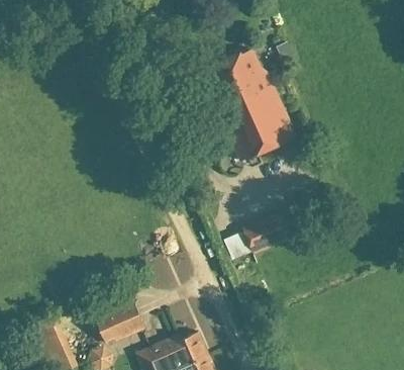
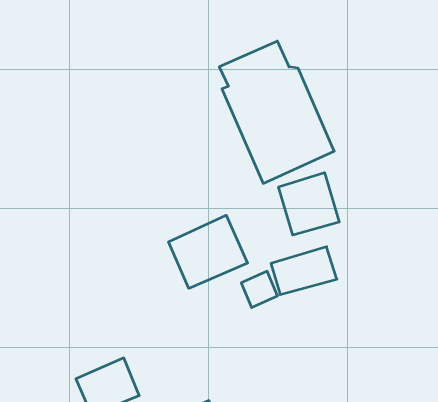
building: none -> [279,173,339,235]
building: none -> [169,215,248,288]

